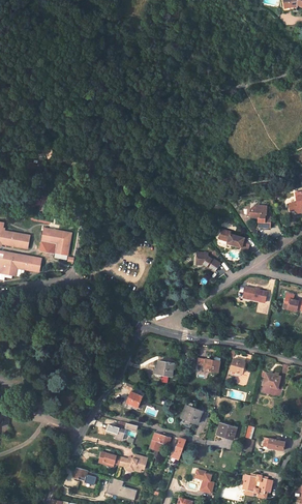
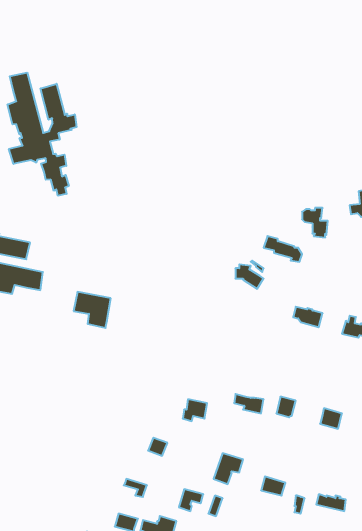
building: none -> [8,73,77,196]
building: [41,227,71,256] -> [74,292,111,328]

